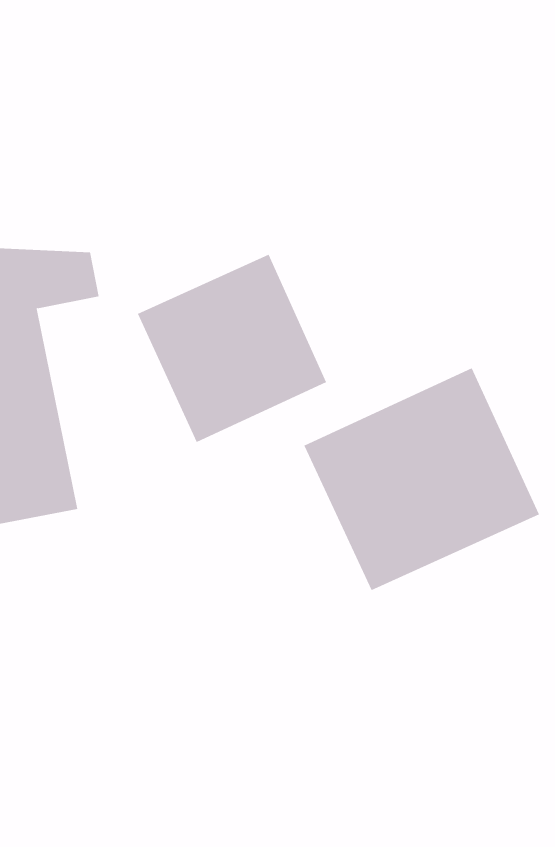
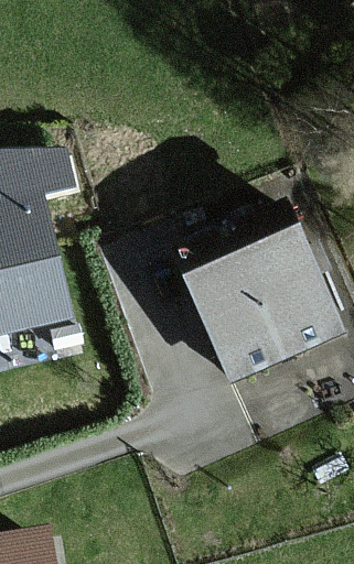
building: [137,254,327,443] -> none

